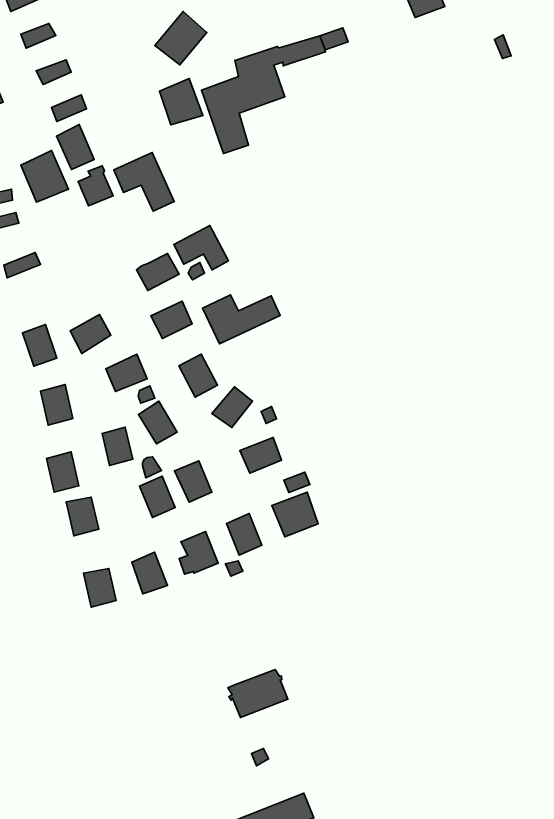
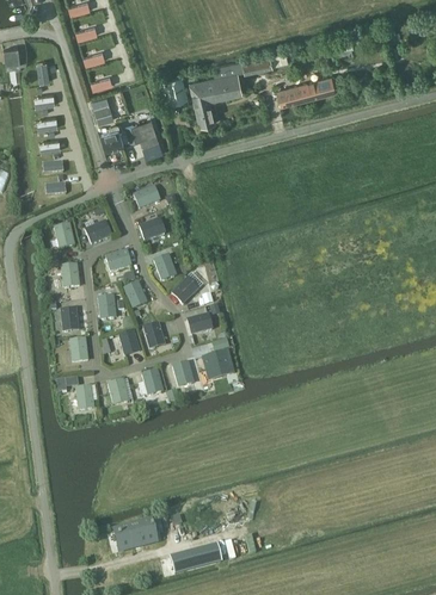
building: [155,11,207,65] -> none
building: none -> [276,74,336,105]
building: [21,150,69,202] -> none
building: [174,226,229,270] -> none
building: [203,295,280,344] -> none
building: [228,669,288,717] -> [117,520,155,548]

